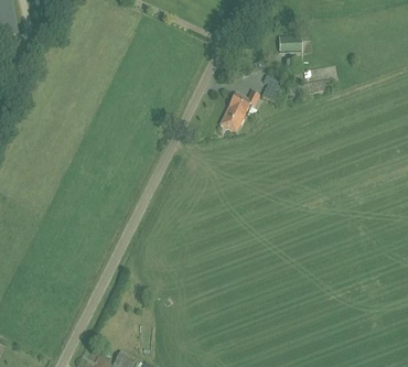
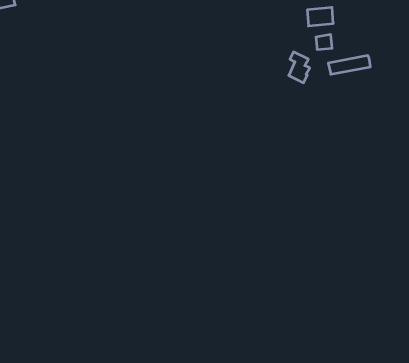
building: [218,91,257,131] -> none

